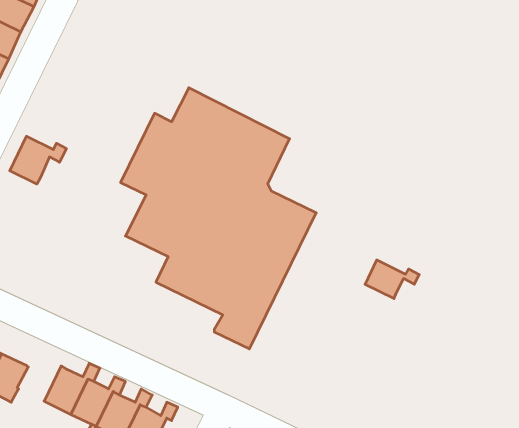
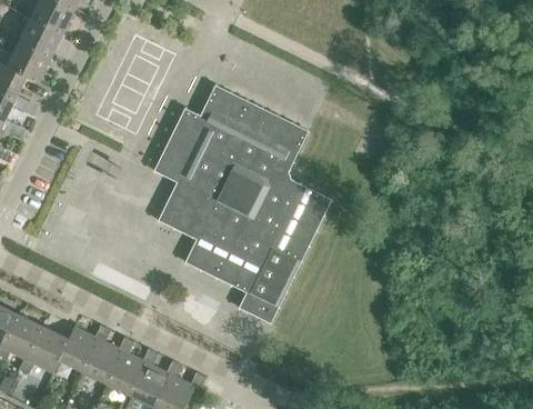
building: [10,136,66,184] -> none
building: [365,260,419,299] -> none
building: none -> [59,325,110,371]

